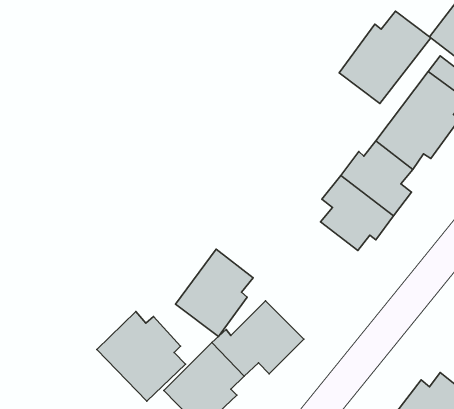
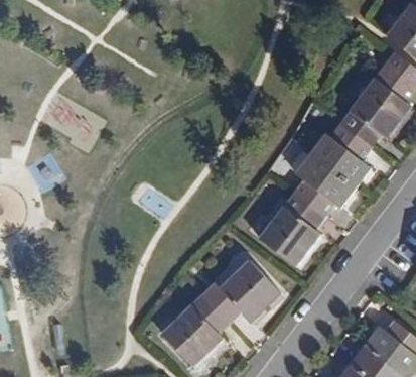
building: [339,11,431,104] -> none
building: [176,249,253,336] -> [260,192,325,265]
building: [97,311,186,401] -> none

